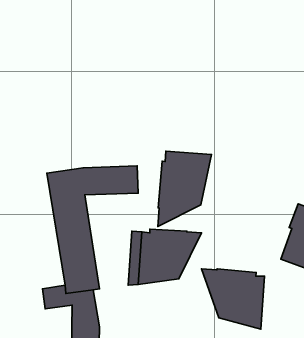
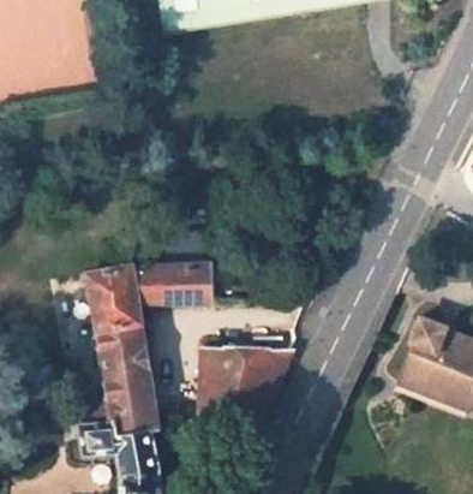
building: [158,151,212,226] -> none
building: [202,269,265,329] -> none

